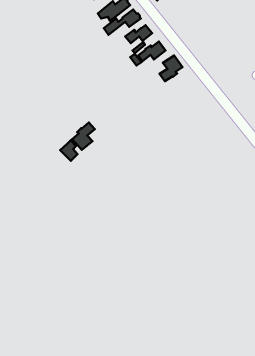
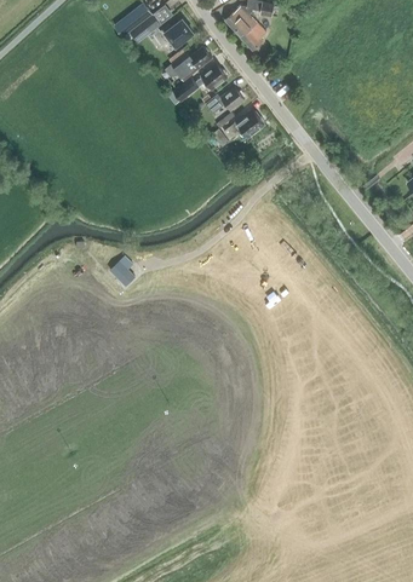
building: [160,56,183,81] -> none
building: [72,123,95,150] -> none

